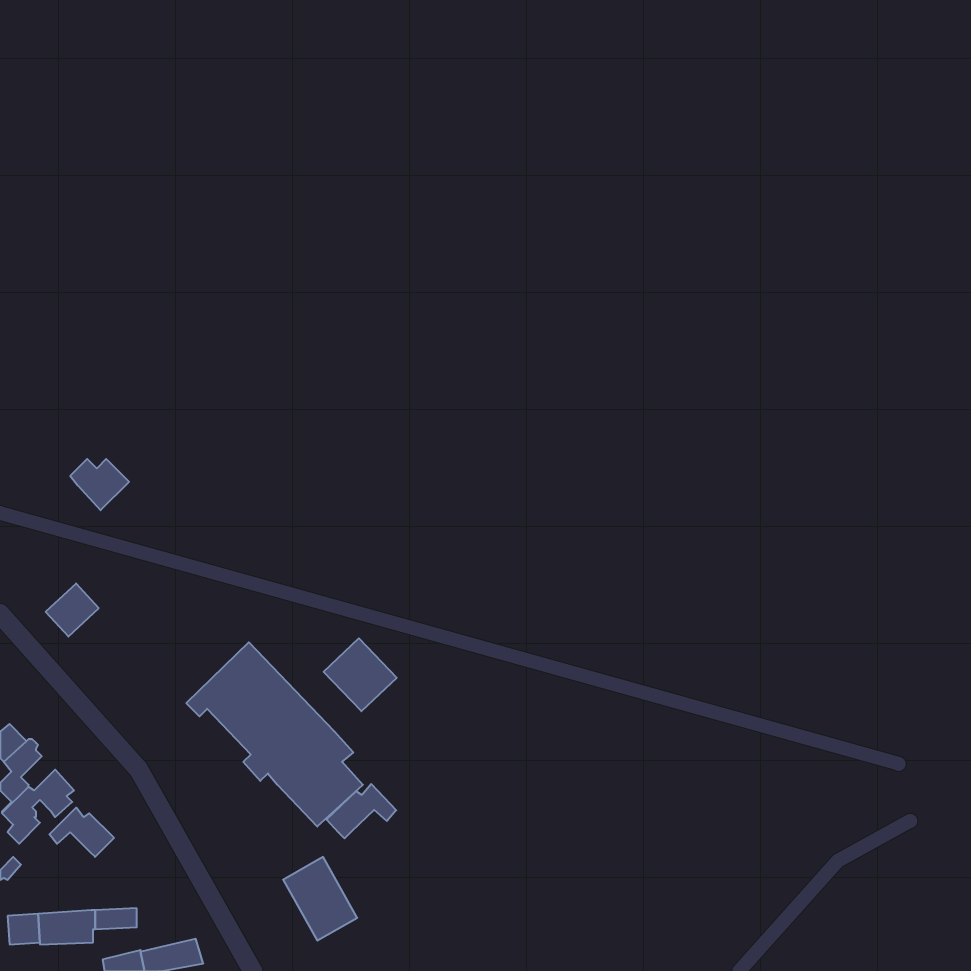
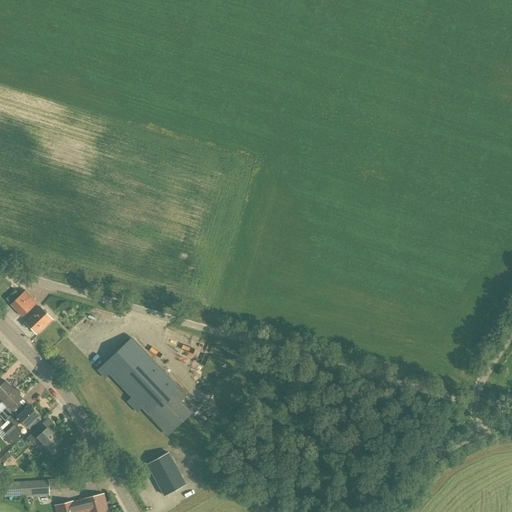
building: [70,459,129,510] -> [6,290,37,317]
building: [324,638,397,711] -> none
building: [326,784,396,838] -> none

